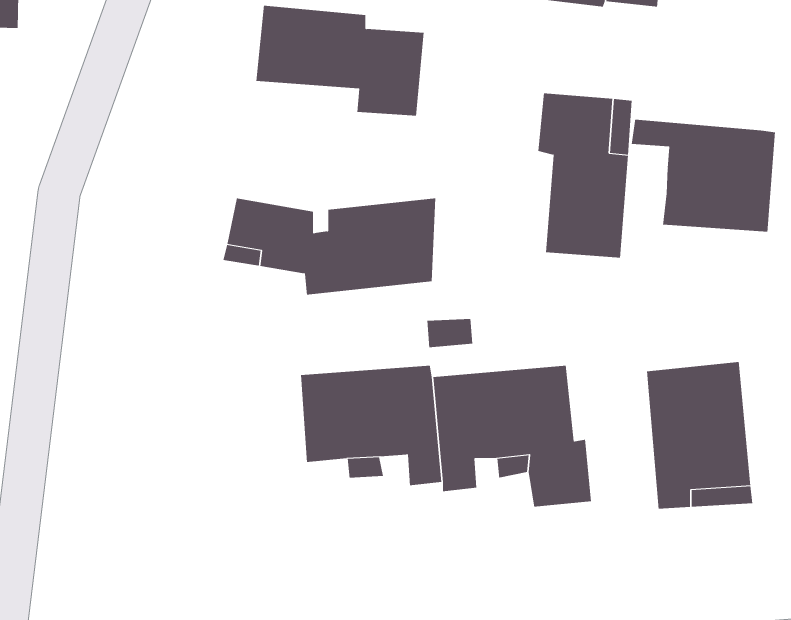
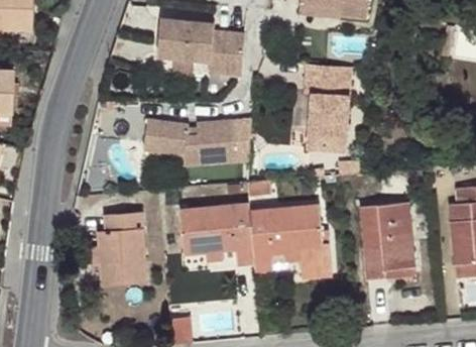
building: [631,119,776,233] -> none
building: none -> [99,213,145,283]

